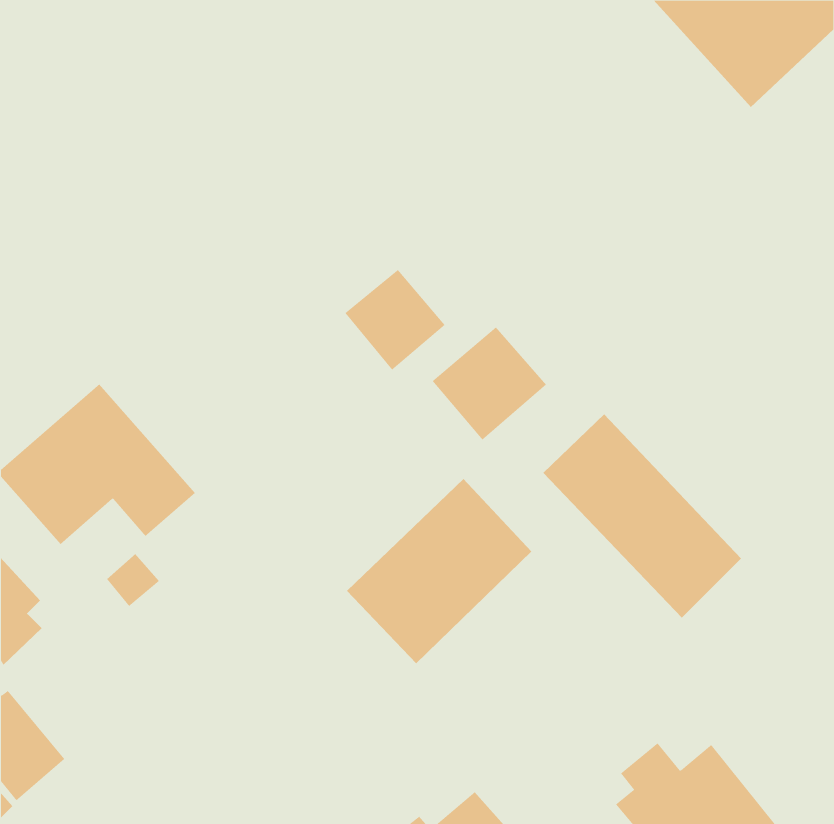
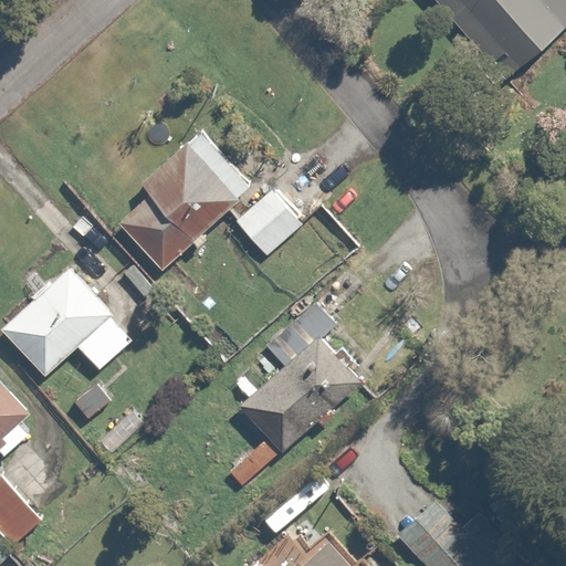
building: none -> [114,128,251,270]
building: [432,327,547,441] -> none
building: [543,414,742,618] -> none

